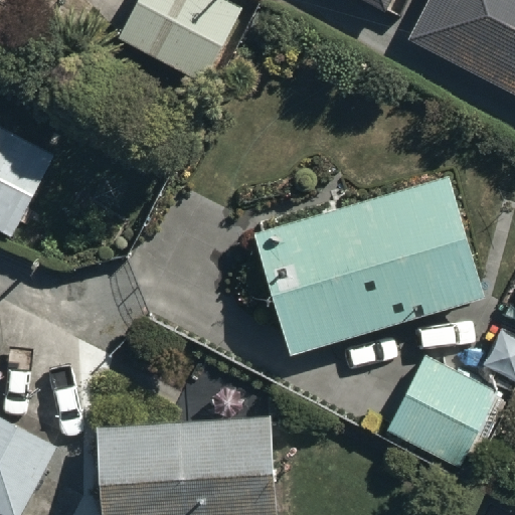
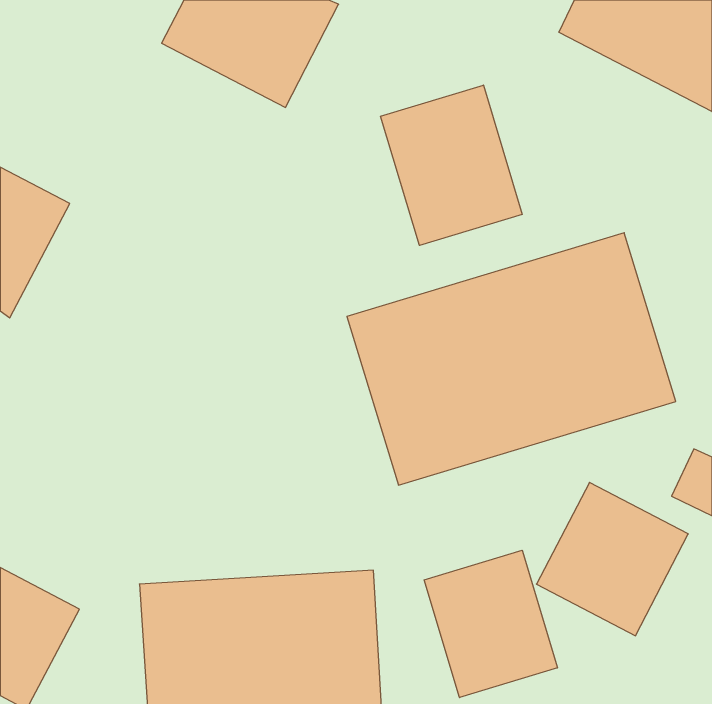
building: none -> [380,85,522,245]
building: none -> [424,550,557,698]

